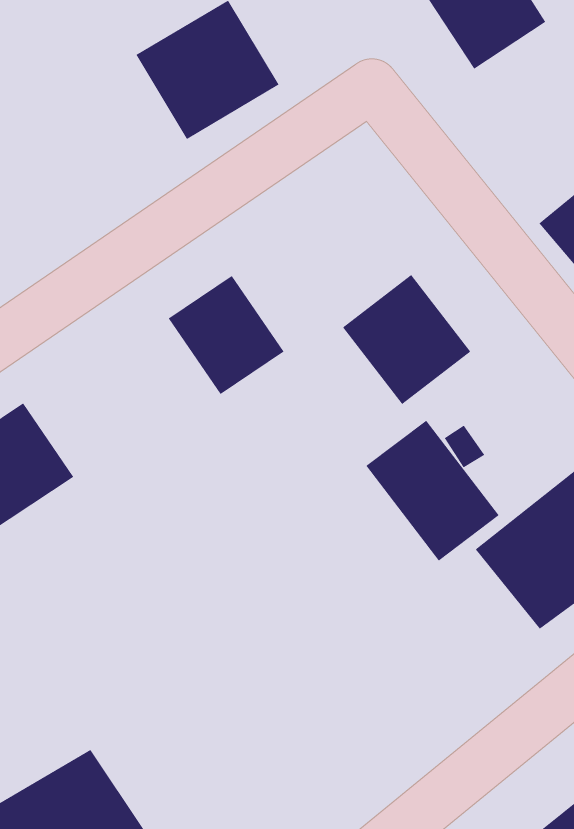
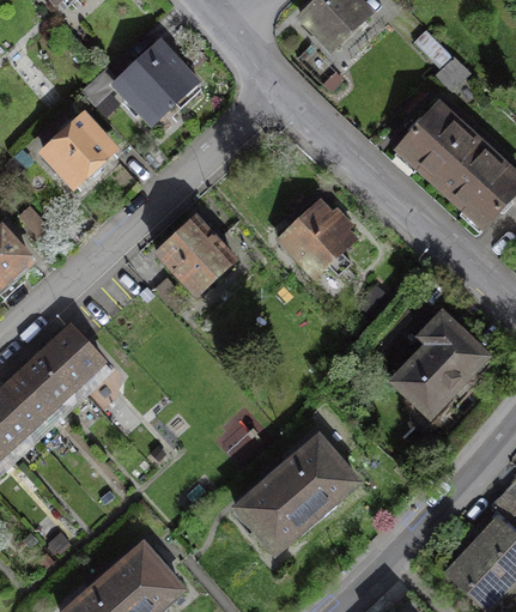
building: none -> [37,111,119,193]
building: [366,420,499,561] -> none
building: none -> [233,434,354,551]

